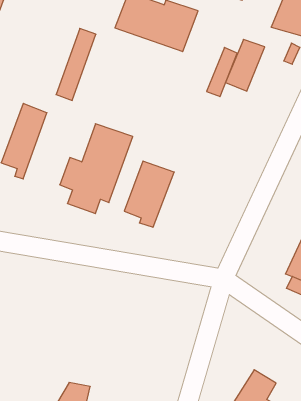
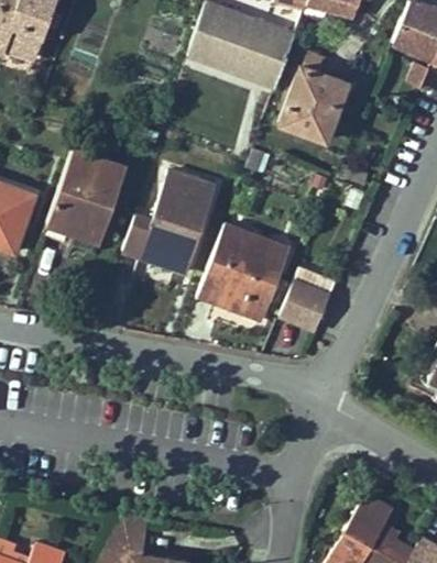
building: [56,28,96,100] -> [73,162,124,255]
building: [226,39,265,91] -> [283,67,334,134]
building: none -> [241,239,291,319]
building: none -> [282,283,335,336]

